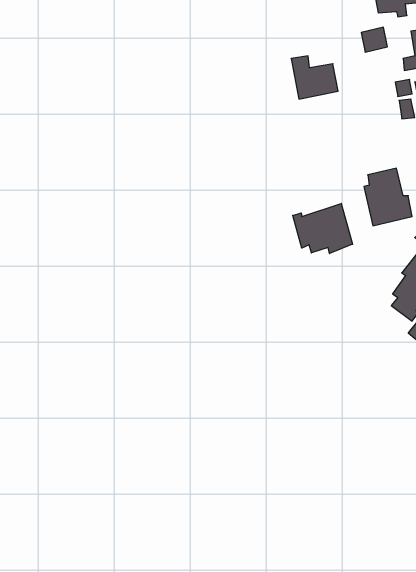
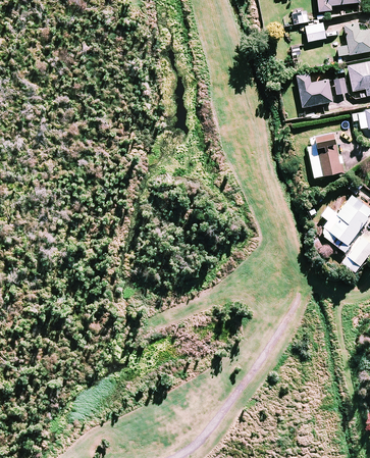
building: [291,56,338,99] -> [297,73,333,107]
building: [293,203,353,254] -> none

